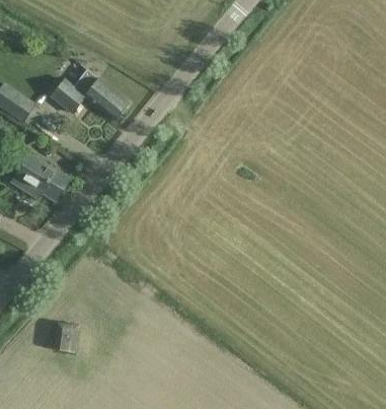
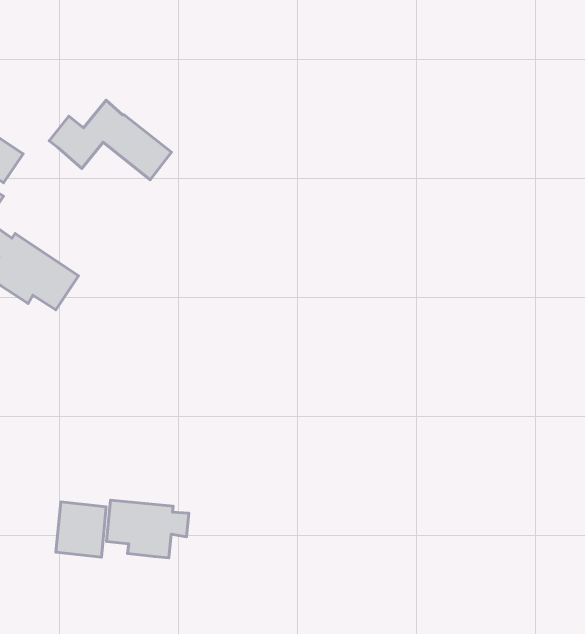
building: none -> [107,500,189,558]

